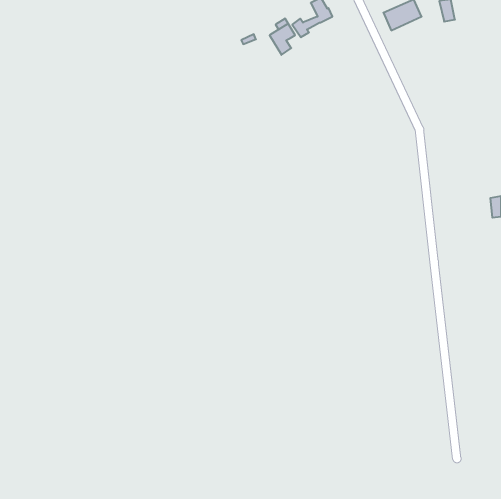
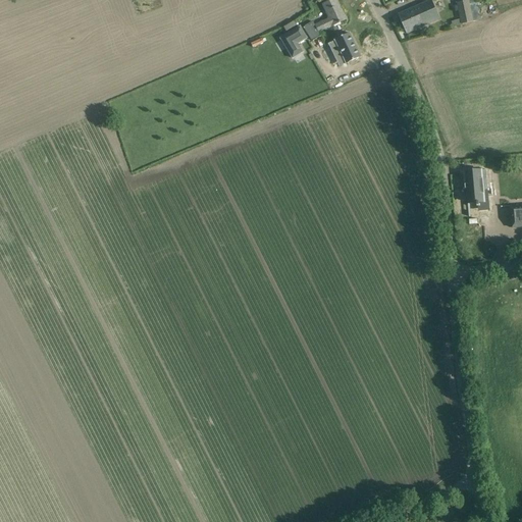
building: none -> [329,32,355,62]
building: none -> [457,171,484,207]

